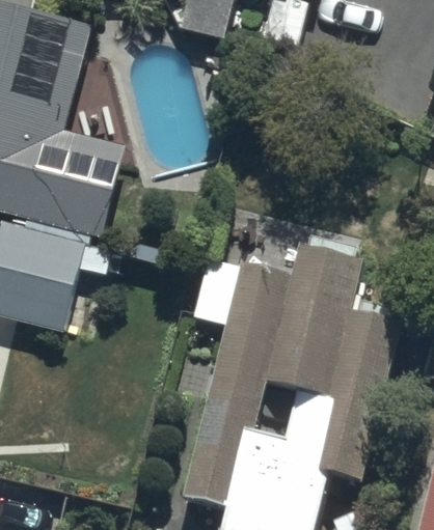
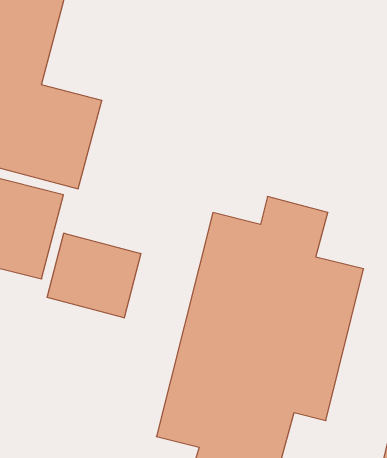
building: none -> [47,233,141,318]

